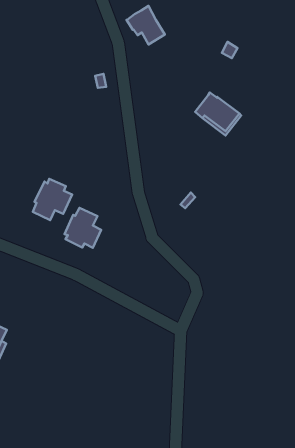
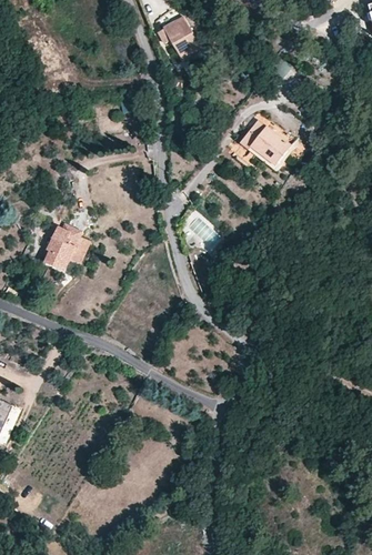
building: [65,208,101,248] -> none

